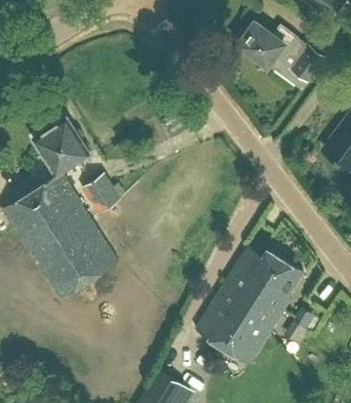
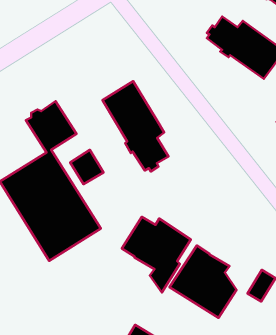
building: none -> [103,81,169,171]
building: [226,246,304,332] -> [122,217,191,293]

